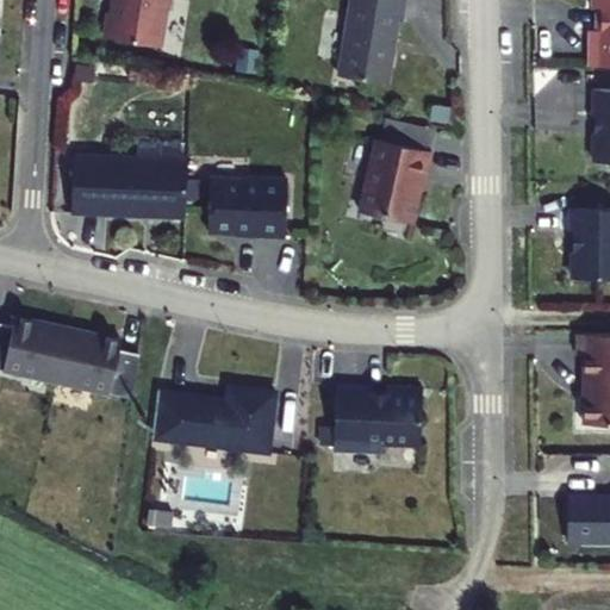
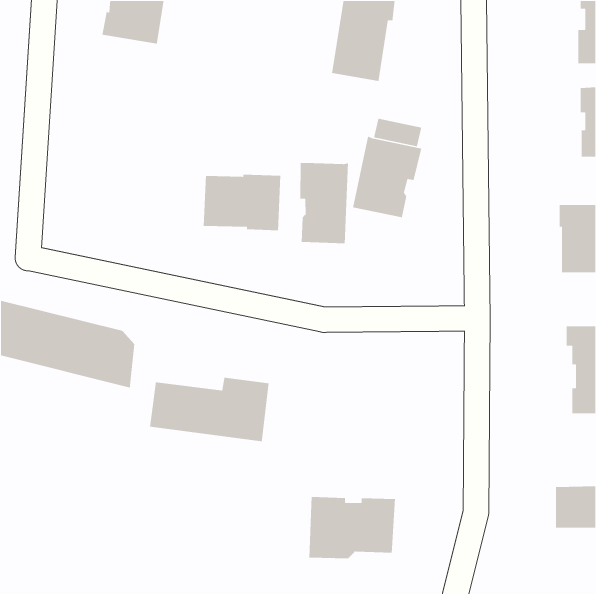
building: [71,157,187,218] -> none
building: none -> [299,162,349,244]
building: [334,388,423,453] -> [308,496,396,559]

